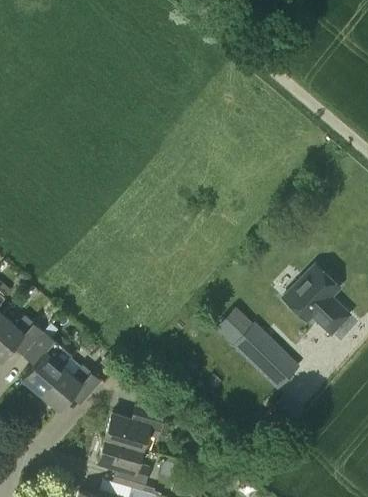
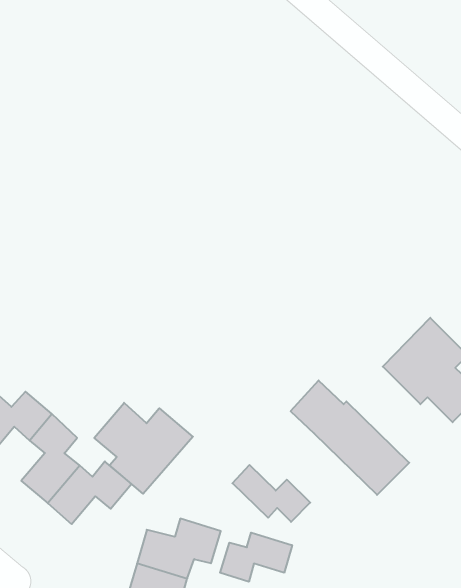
building: none -> [94,403,193,494]
building: none -> [232,465,310,522]
building: none -> [220,533,292,582]

